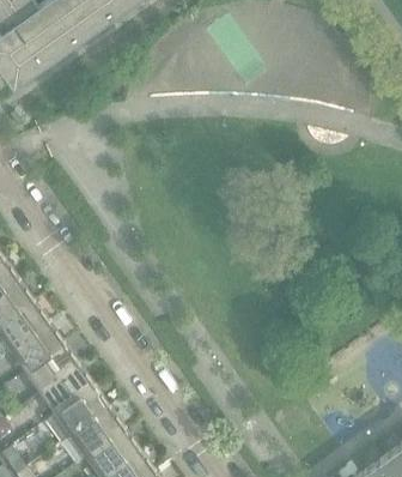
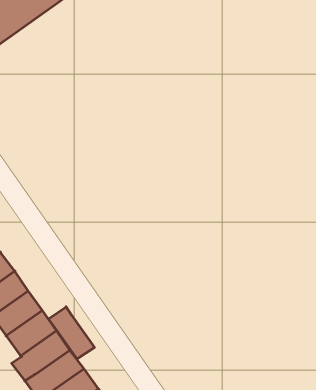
building: none -> [48,307,94,359]

